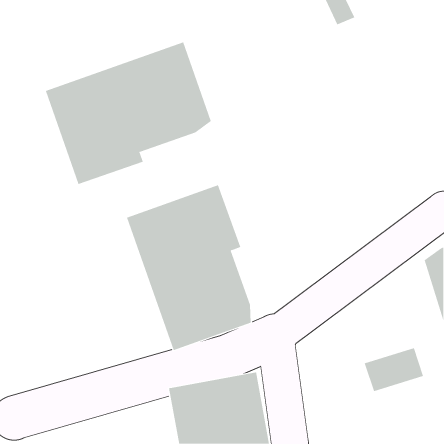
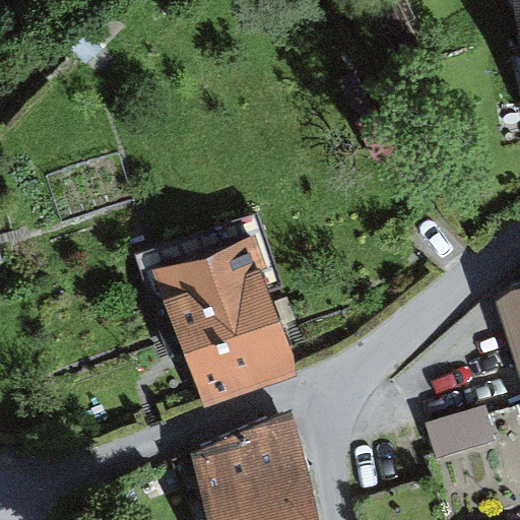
building: [45,42,212,185] -> none

